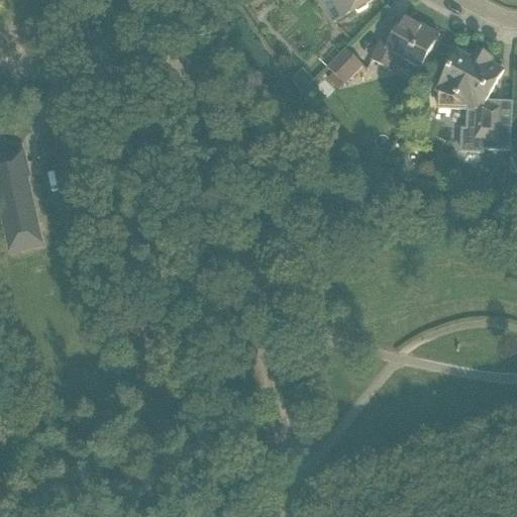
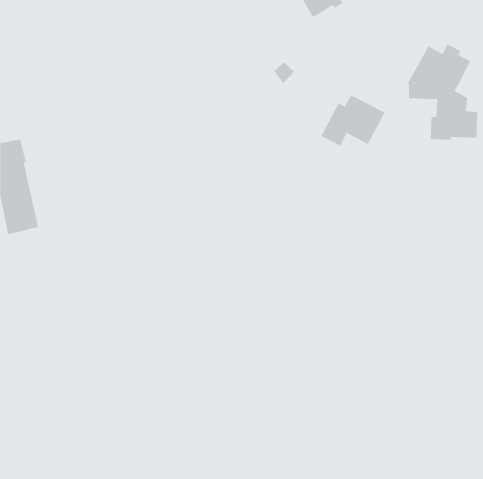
building: [370,12,438,68] -> [321,95,385,147]
building: [325,44,361,82] -> none

